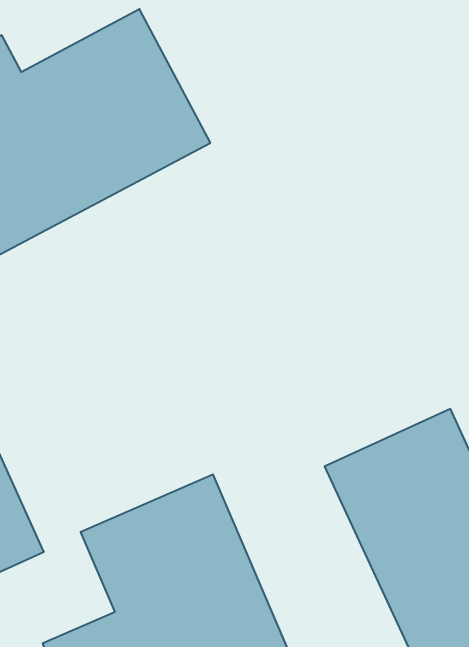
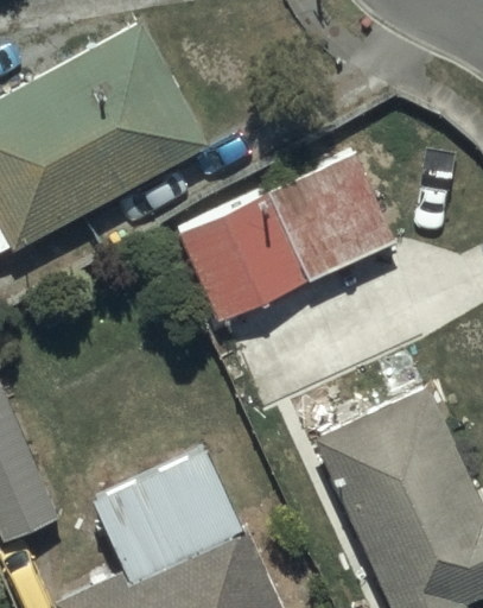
building: none -> [179,152,398,323]

